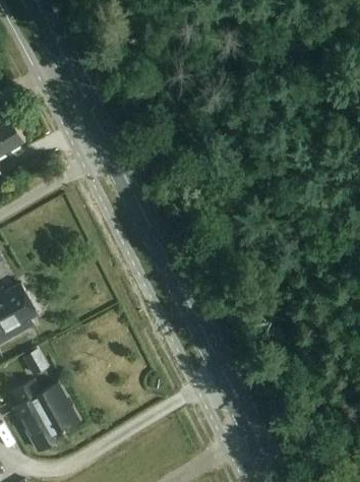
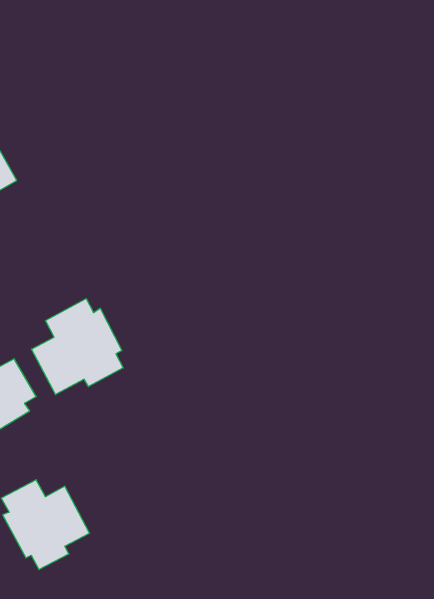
building: none -> [31,299,123,395]

